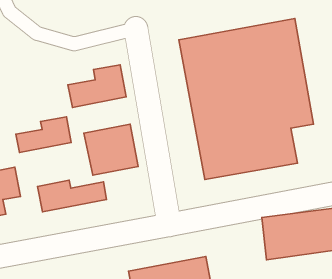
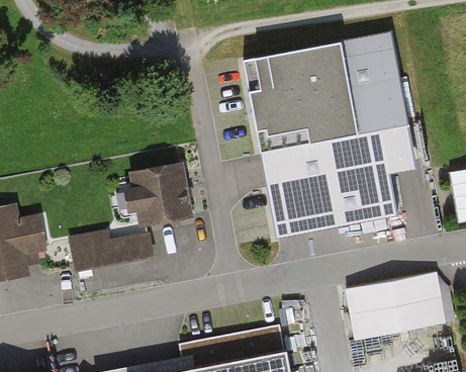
building: [68,65,126,107] -> none
building: [16,117,71,152] -> none

